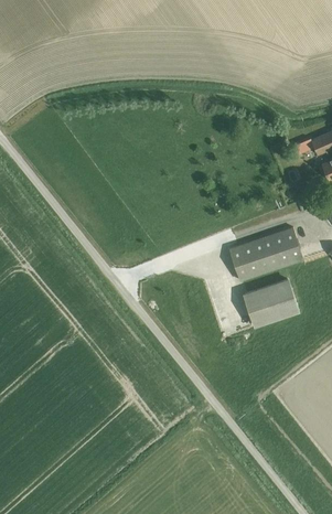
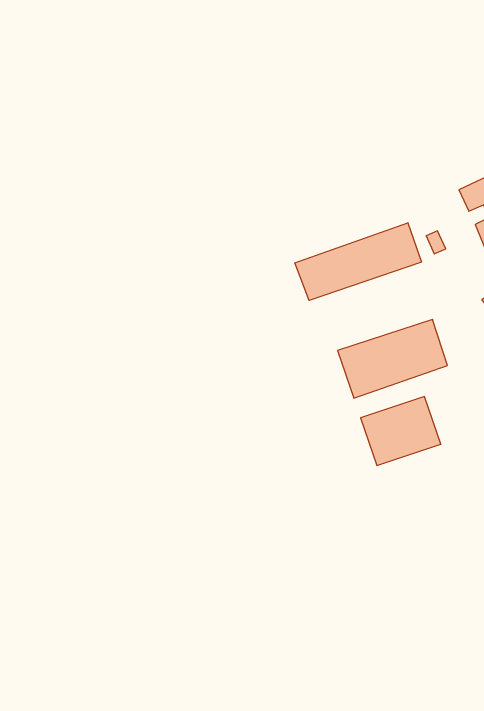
building: none -> [295,223,422,300]

